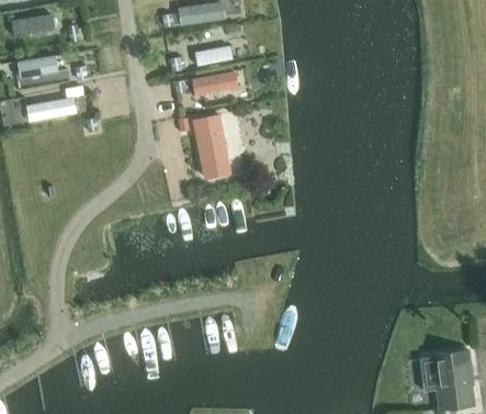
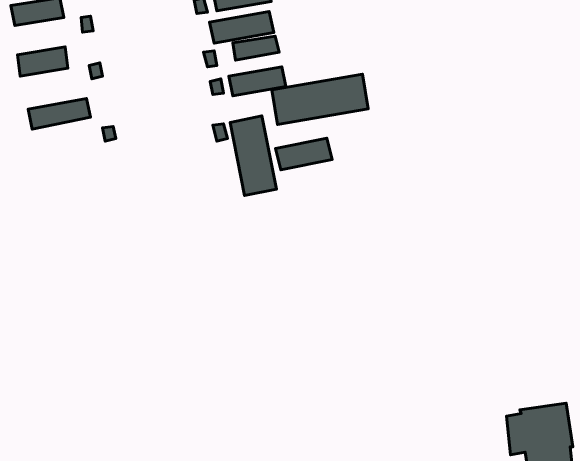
building: none -> [209,12,274,43]
building: none -> [272,74,368,125]
building: none -> [276,138,332,170]

